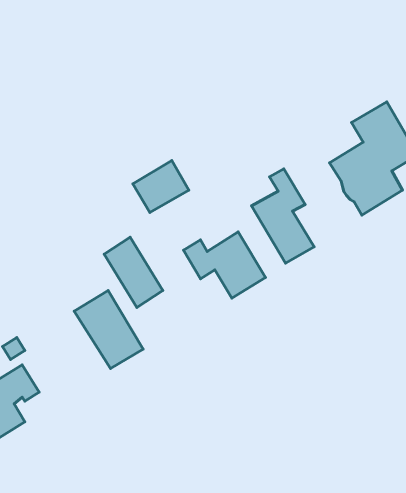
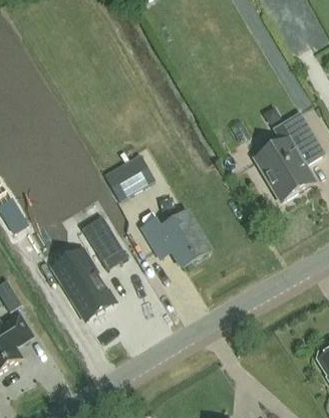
building: [251,169,314,263] -> none

